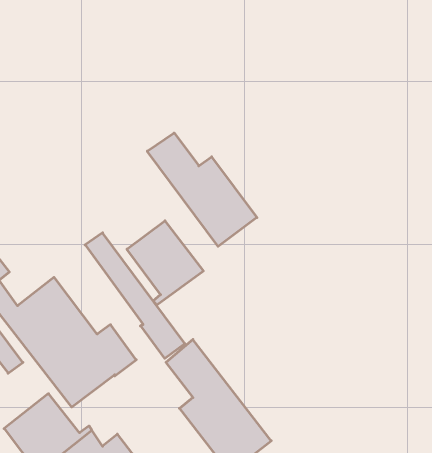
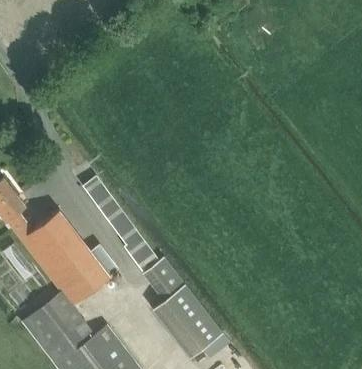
building: [147,133,257,246] -> none
building: [127,221,203,305] -> none

